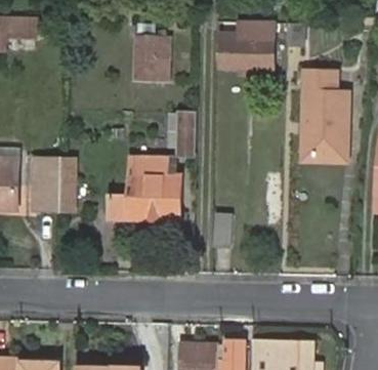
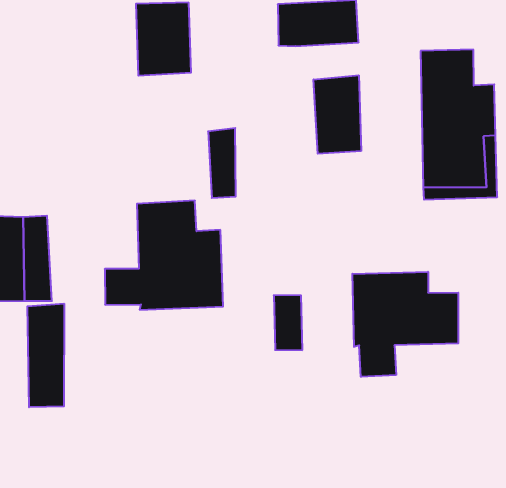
building: none -> [314,75,361,154]
building: none -> [352,272,458,377]
building: none -> [27,304,64,407]

